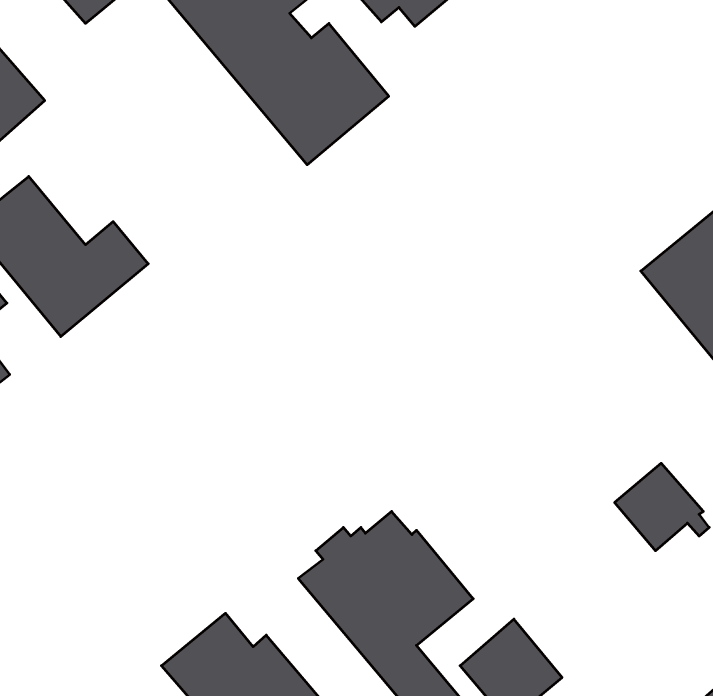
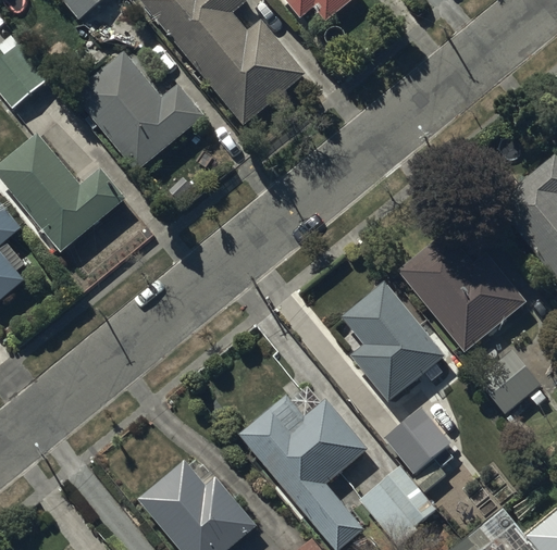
building: none -> [72,51,202,170]
building: none -> [397,220,527,352]
building: none -> [332,282,445,402]
building: none -> [384,408,456,490]

